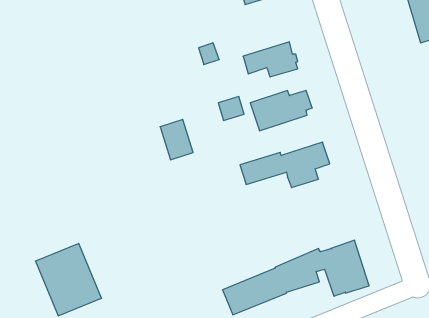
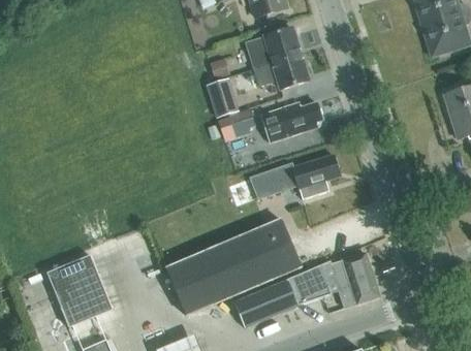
building: none -> [246,27,301,68]
building: [160,119,193,160] -> [207,77,240,118]
building: none -> [166,219,302,315]

